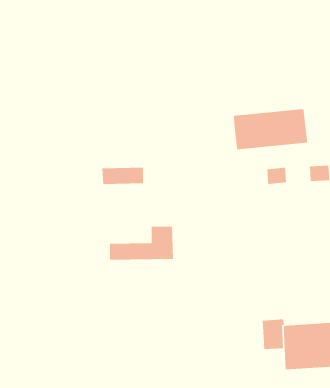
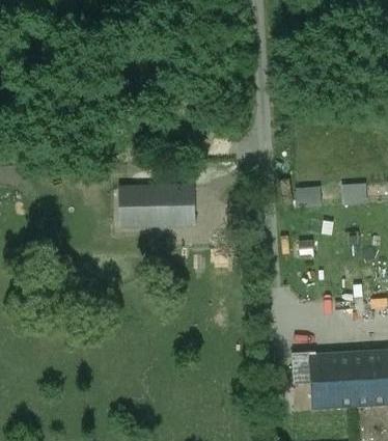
building: [233,108,308,150] -> none
building: [109,226,174,260] -> [119,188,189,224]

